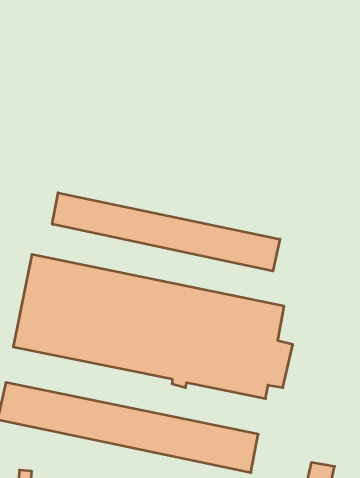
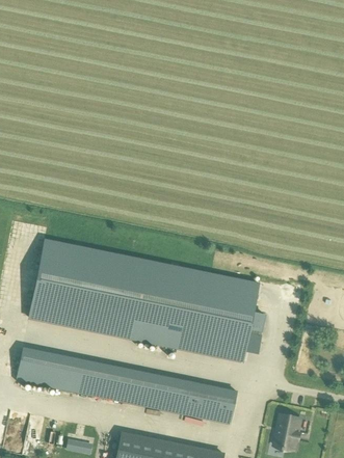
building: [52,193,280,271] -> none

